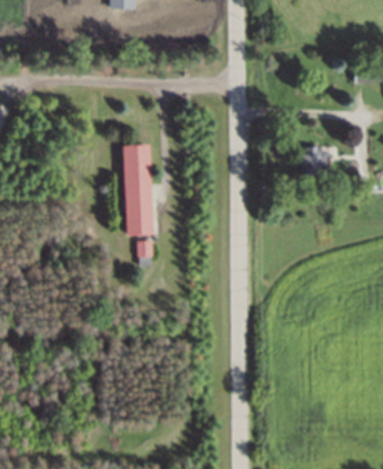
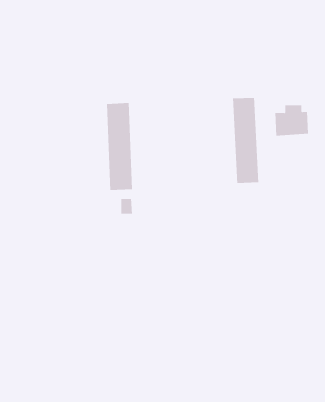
building: none -> [233,97,259,184]

